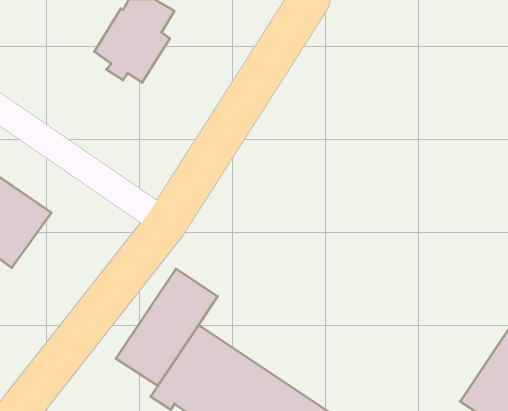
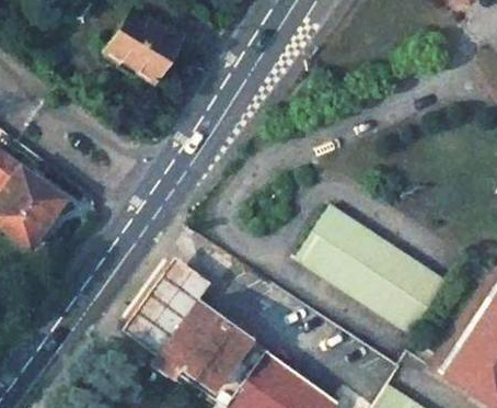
building: none -> [300,213,450,339]

